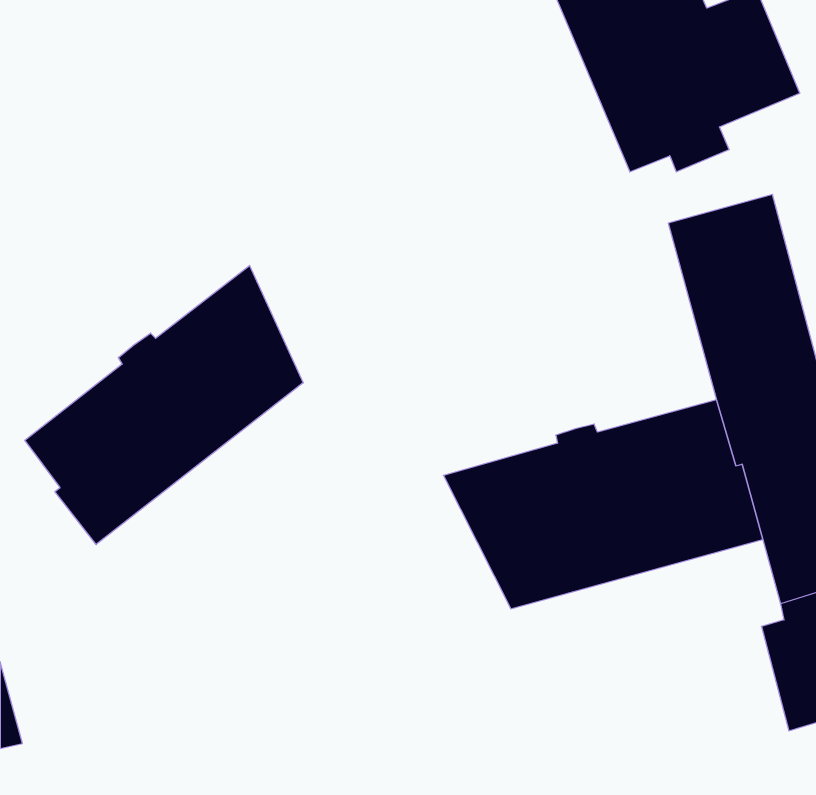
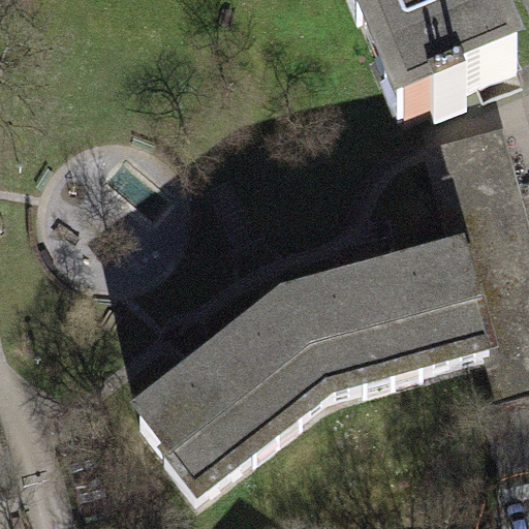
building: [25,265,303,545] -> none
building: none -> [144,306,332,495]

